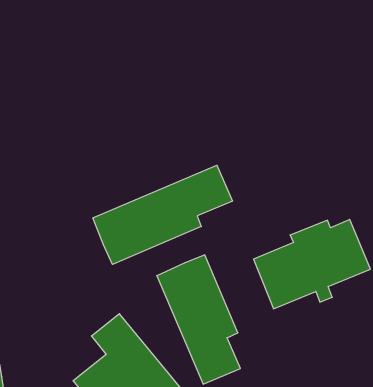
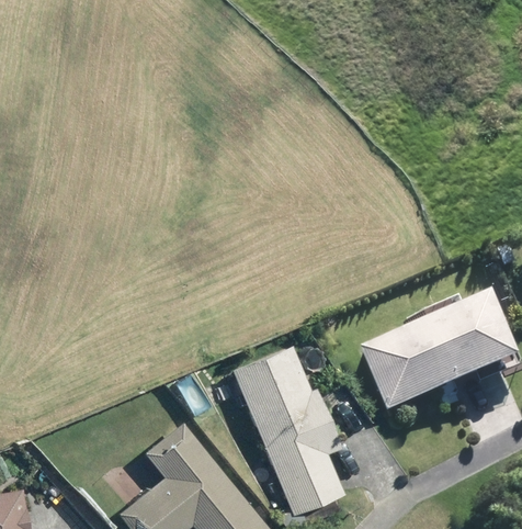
building: [93,165,232,264] -> none

